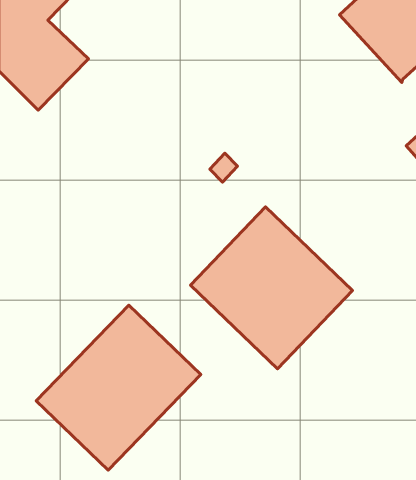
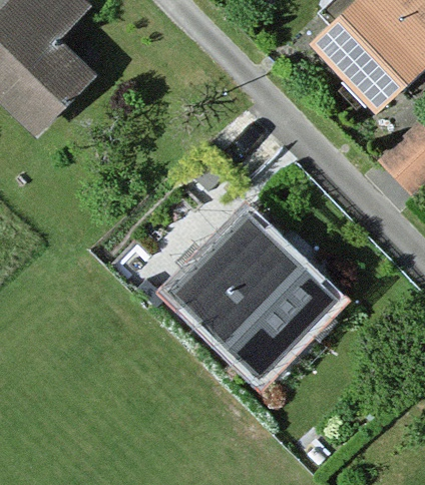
building: [36,305,201,470] -> none

